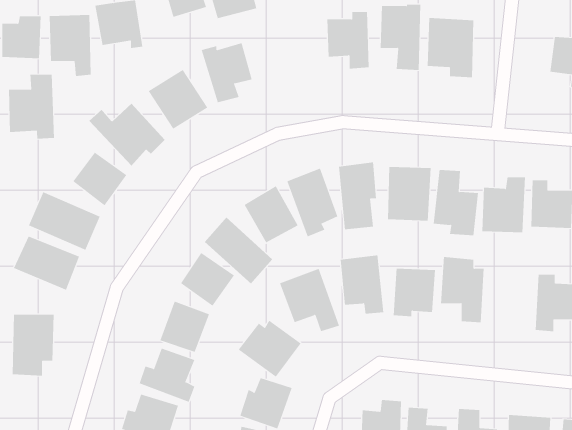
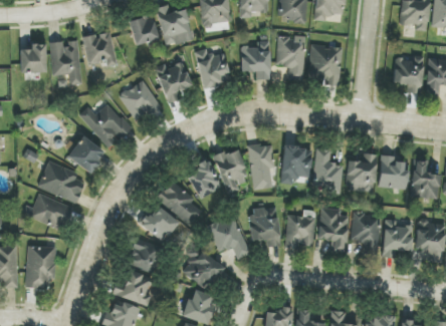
building: none -> [194,48,230,87]
building: [8,74,54,140] -> none
building: none -> [352,214,379,255]

